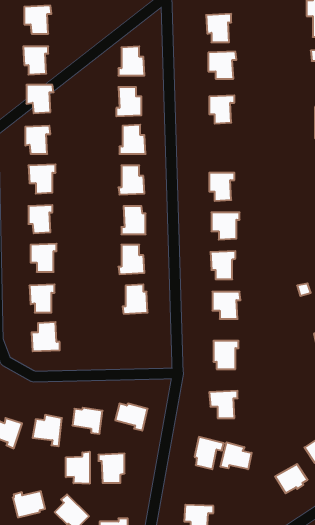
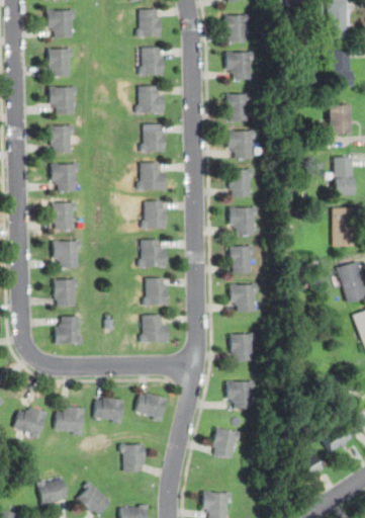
building: none -> [136,10,162,38]
building: none -> [229,133,256,159]
building: none -> [142,315,169,344]
building: [220,442,252,469] -> none
building: [66,452,90,484] -> none

